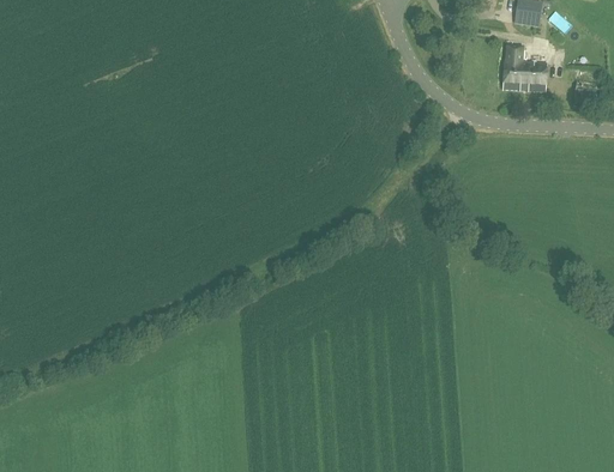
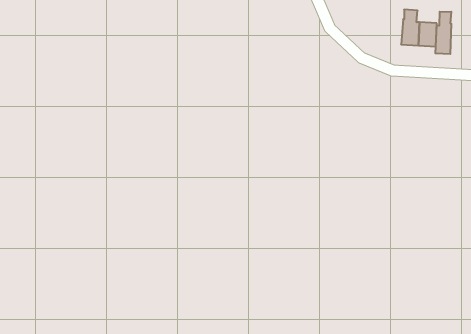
building: none -> [435,12,451,54]

